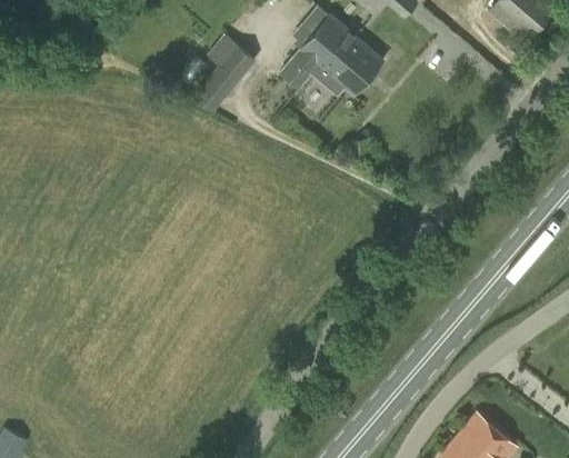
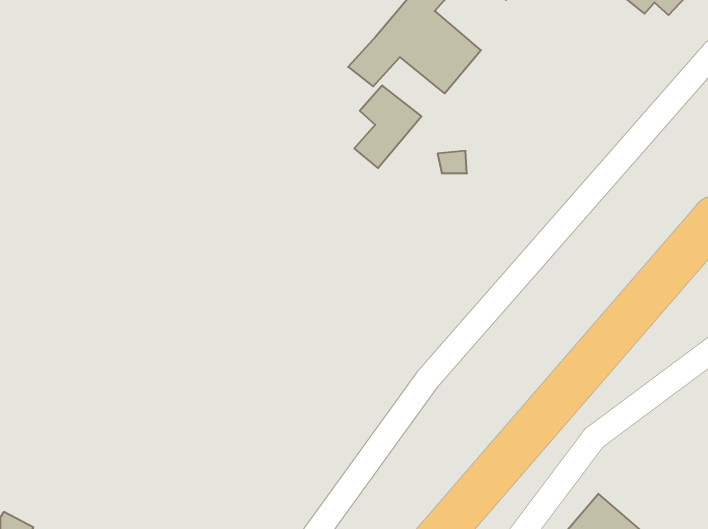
building: [202,36,256,101] -> [354,85,421,168]

